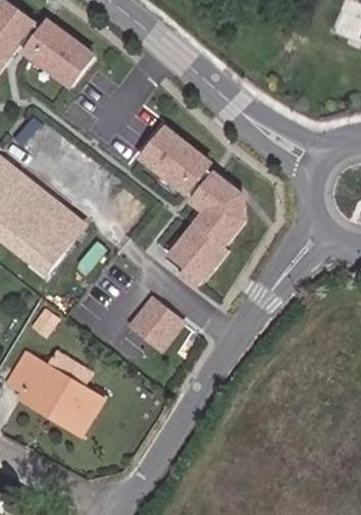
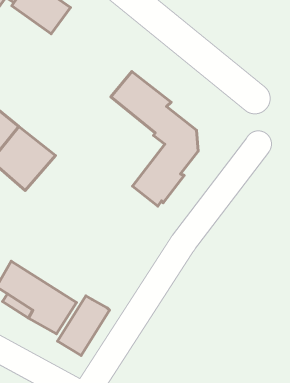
building: [131,298,182,348] -> none
building: none -> [57,296,110,355]

